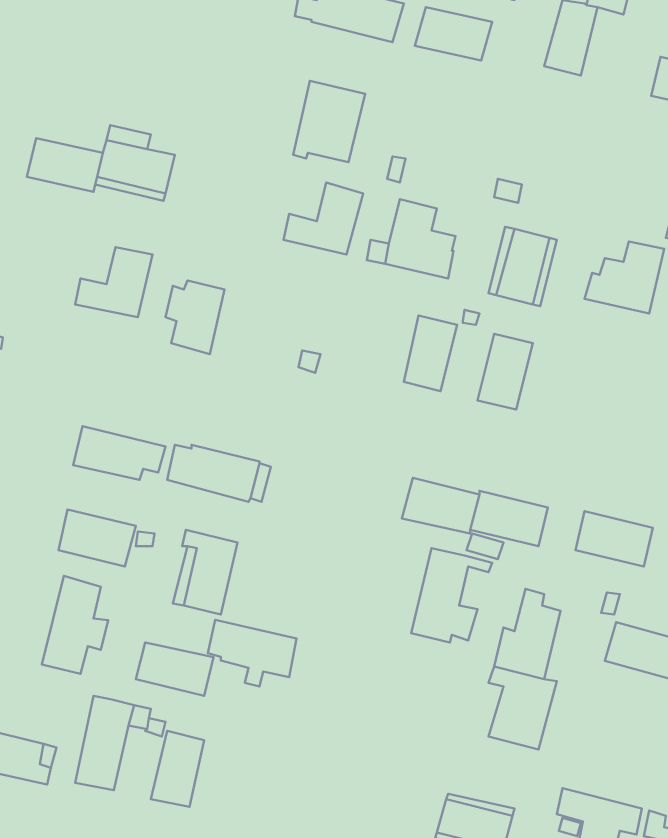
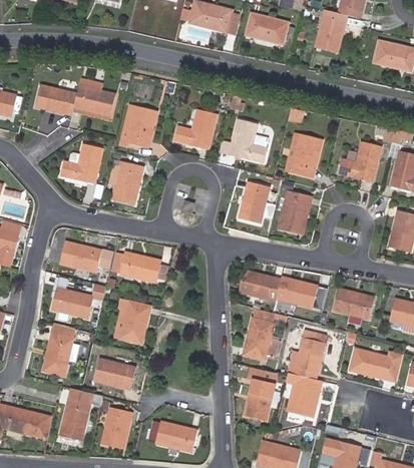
building: [293,81,365,162] -> [119,104,158,148]
building: [208,620,297,686] -> [148,420,196,456]
building: none -> [245,367,276,420]

